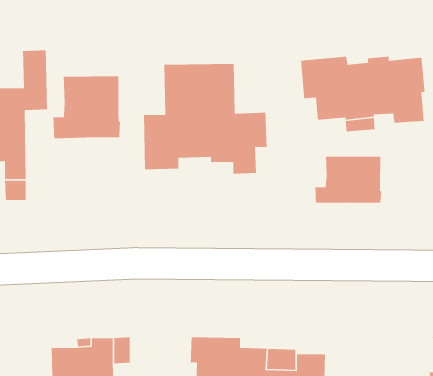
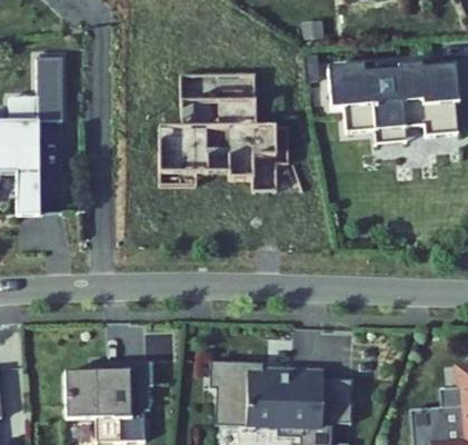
building: [53,75,121,139] -> none
building: [315,156,382,204] -> none

